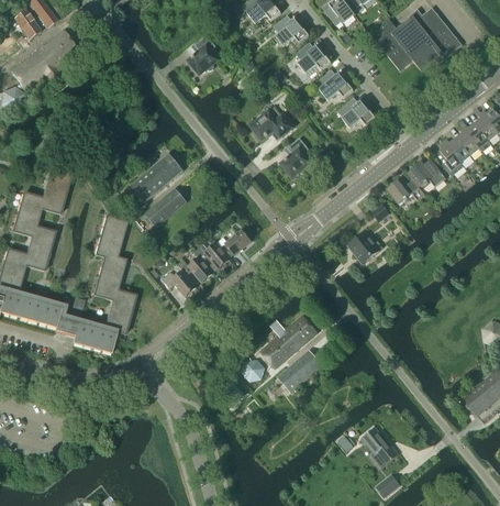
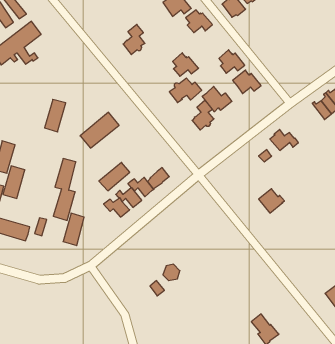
building: [370,7,462,70] -> none
building: [296,41,331,73] -> [173,53,199,76]
building: none -> [202,86,232,112]
building: [434,141,464,175] -> none
building: [408,160,445,188] -> none
building: [42,169,70,213] -> [45,99,66,132]
building: [144,188,186,227] -> [99,162,130,191]
building: [347,230,382,263] -> [259,189,284,213]
building: [260,315,316,366] -> none
building: [55,318,116,352] -> none
building: [278,349,322,392] -> none

